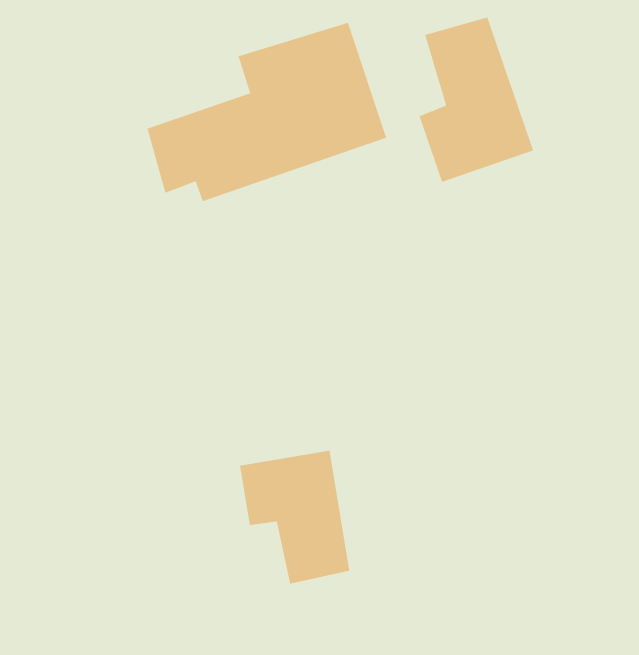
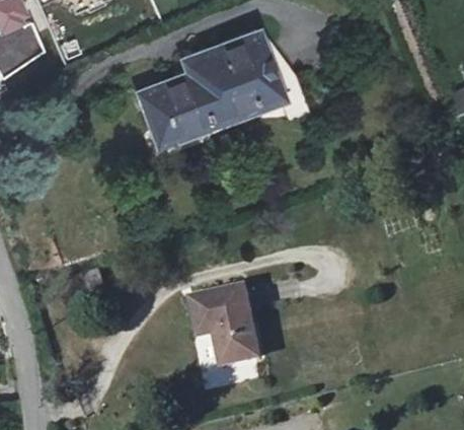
building: [418,17,534,183] -> none

